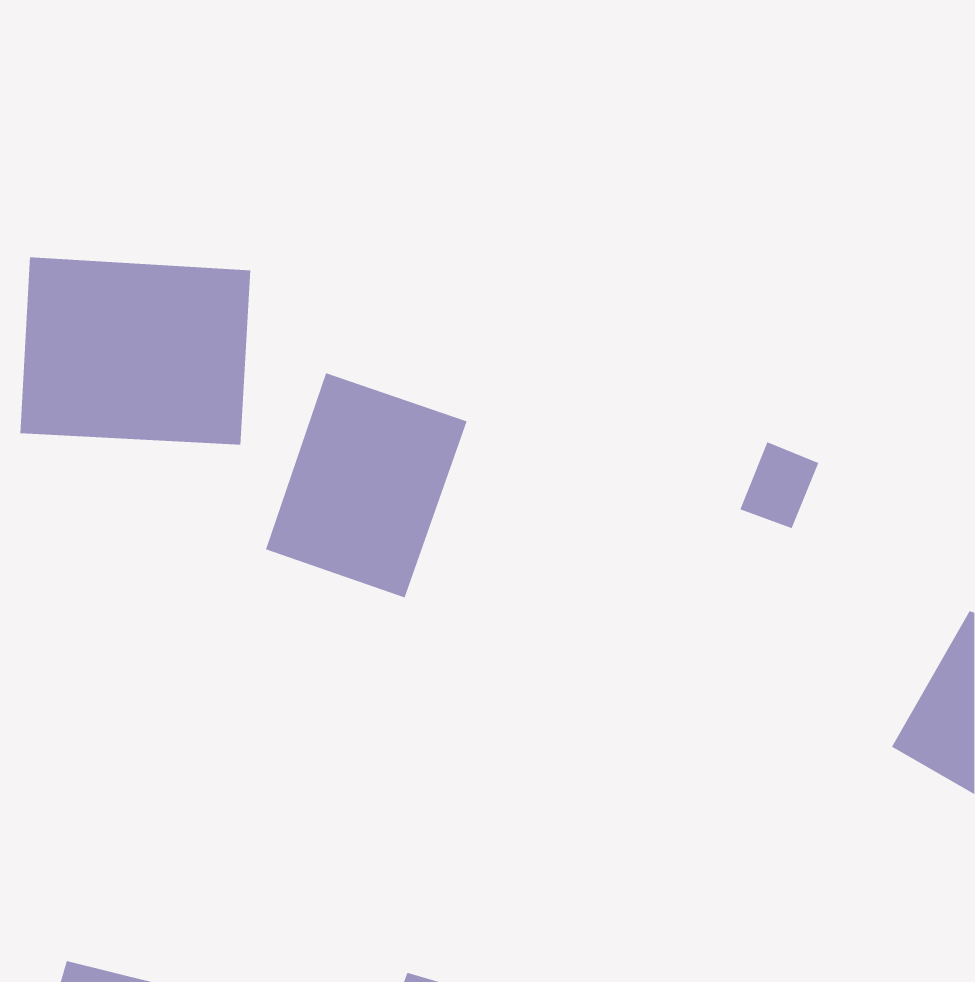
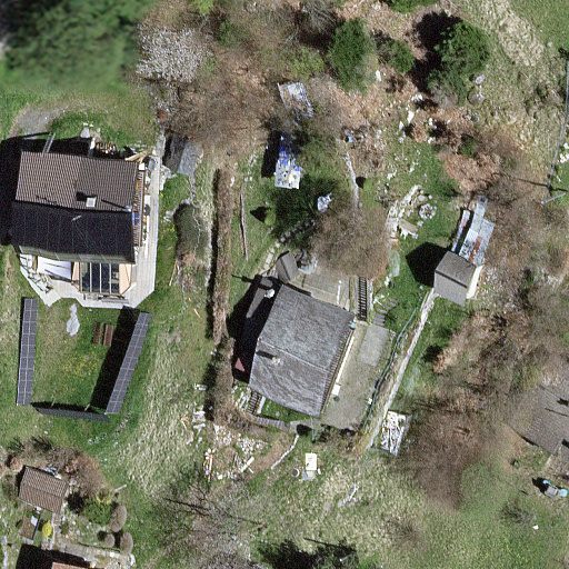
building: [265,372,467,598] -> [243,288,359,417]

